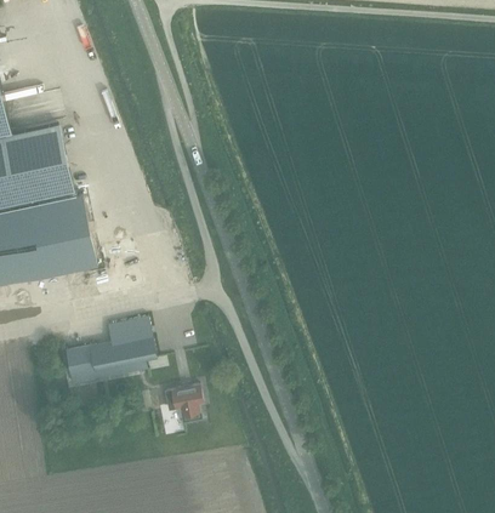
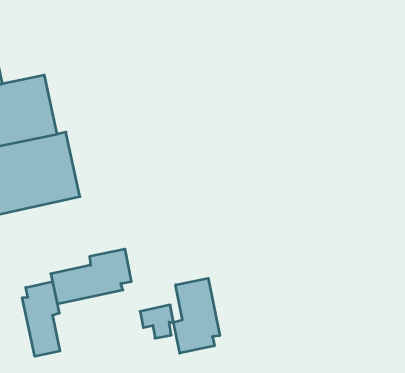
building: none -> [173,278,220,353]
building: none -> [22,281,60,356]

